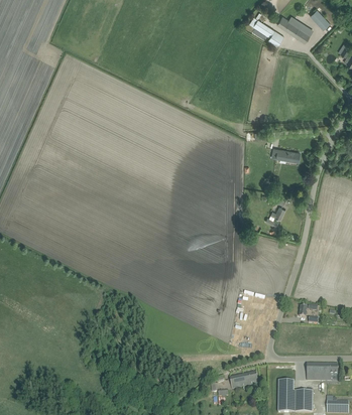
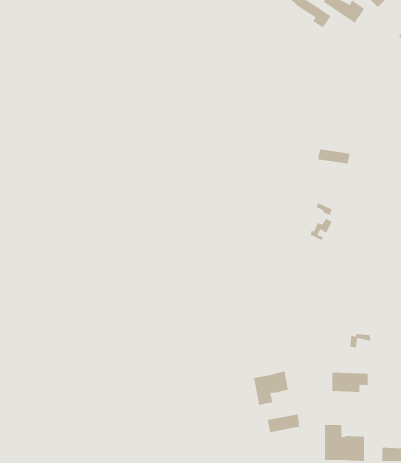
building: none -> [254,370,288,405]
building: [307,363,338,380] -> [332,372,369,393]

